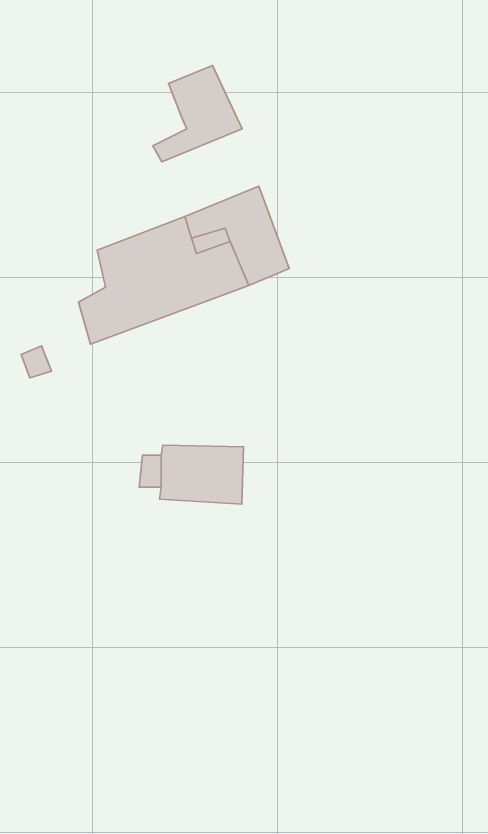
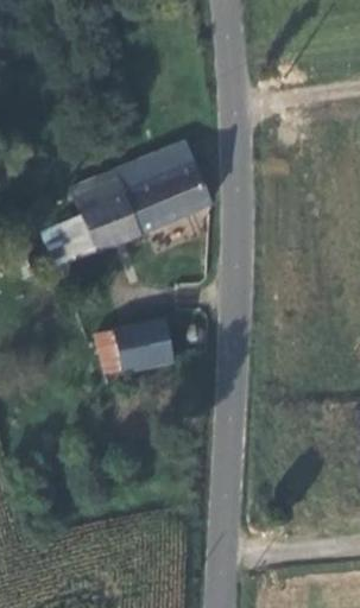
building: [153,66,242,162] -> none

